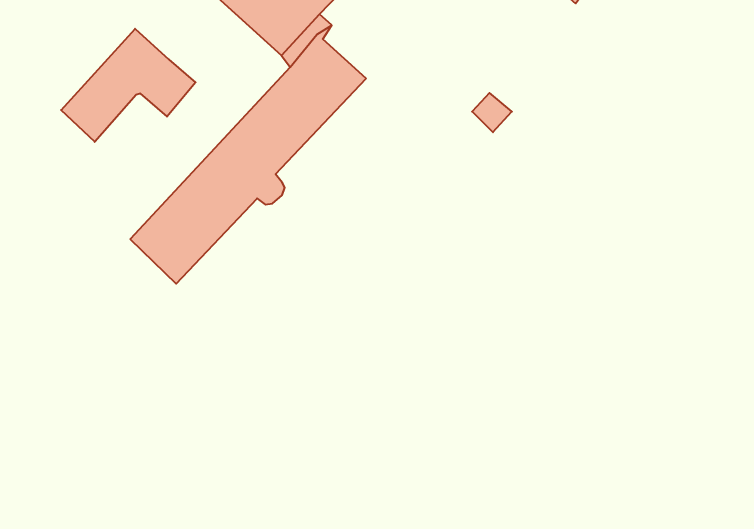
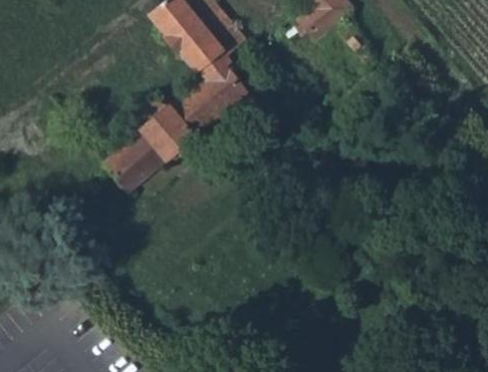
building: [61,29,196,142] -> none

